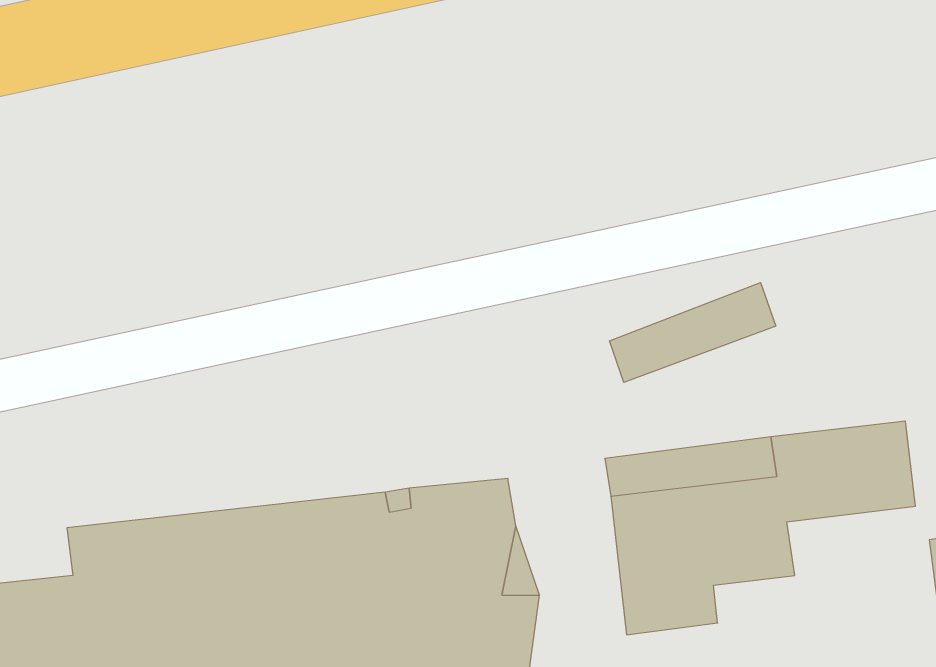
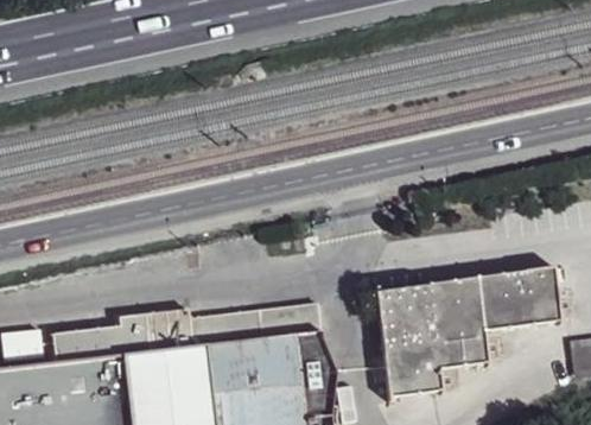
building: [610,283,776,382] -> none

